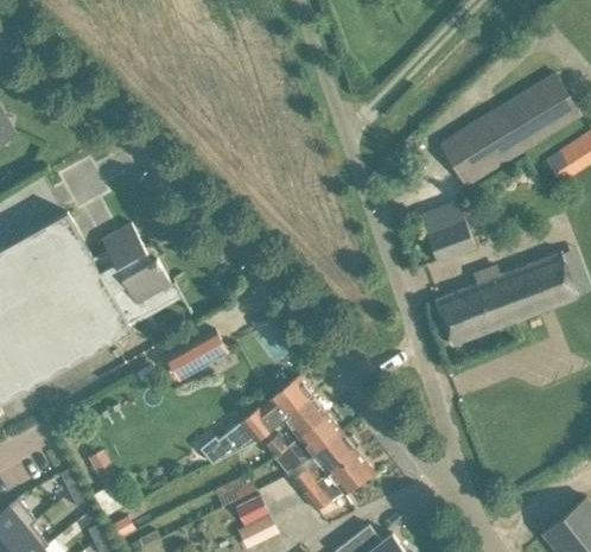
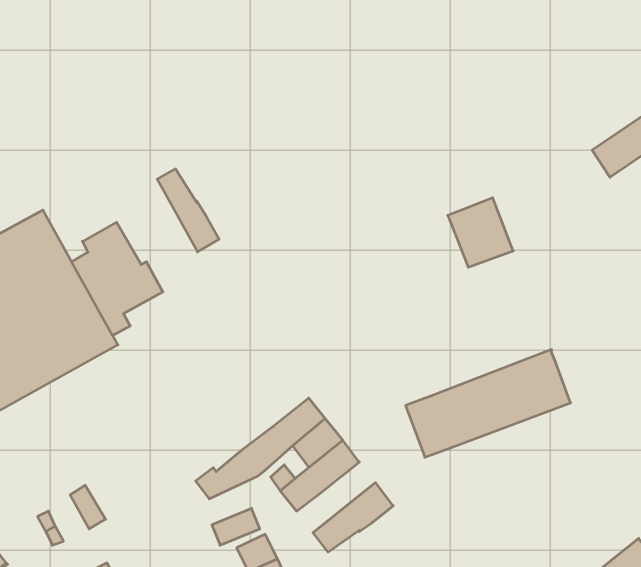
building: [440,75,579,184] -> none
building: none -> [157,169,219,252]
building: [434,252,578,345] -> [406,350,571,457]
building: [164,330,227,380] -> none
building: [291,432,358,494] -> none

